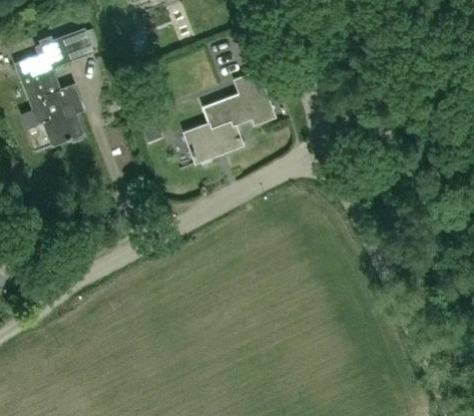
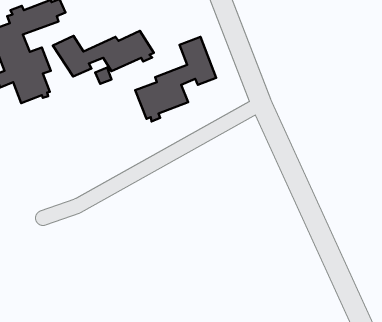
building: none -> [53,31,154,77]

